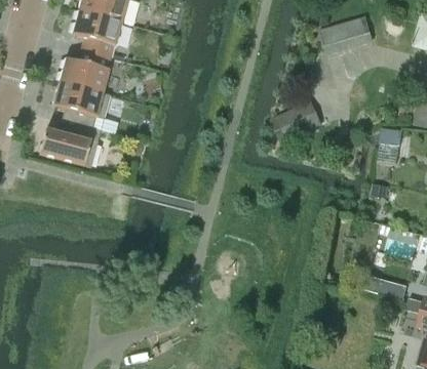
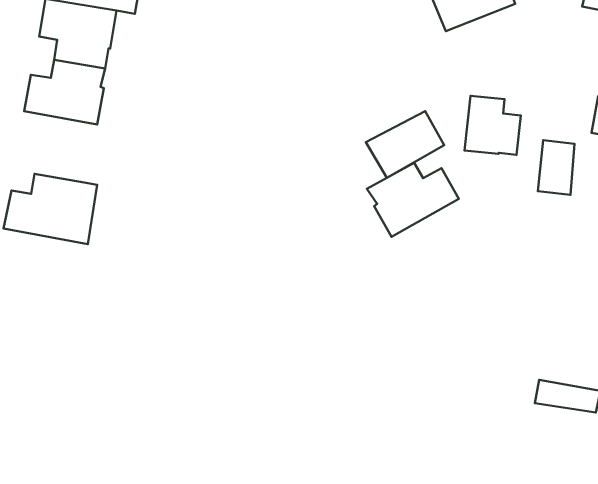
building: [51,79,110,127] -> none
building: none -> [465,96,521,155]
building: none -> [367,163,459,237]

